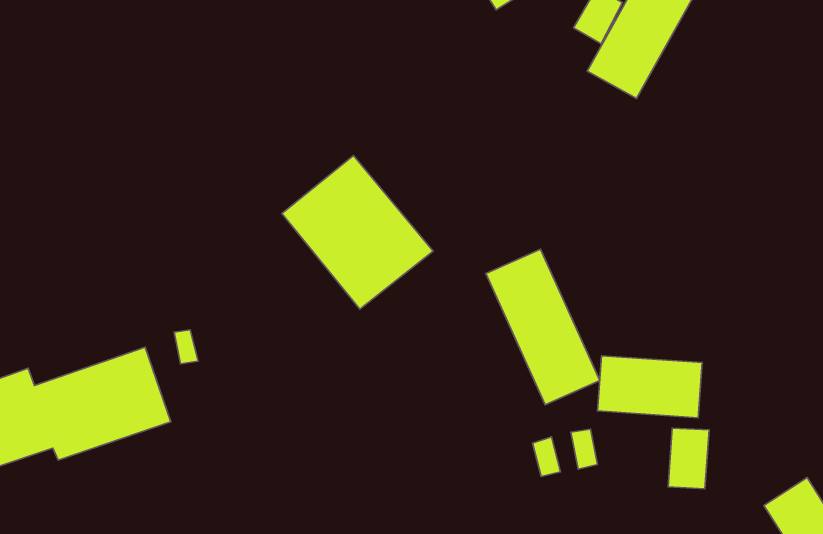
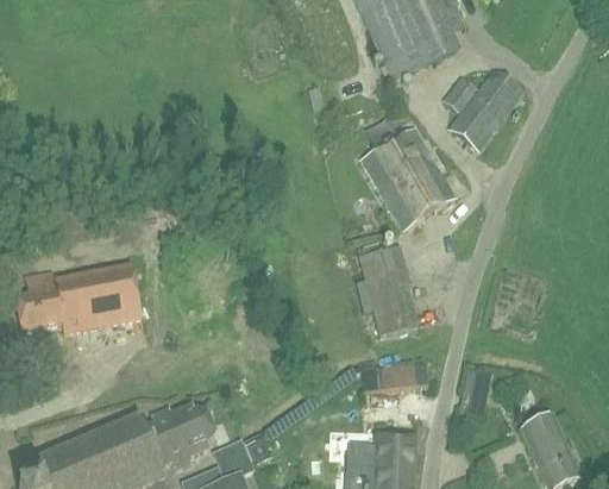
building: [282,156,433,309] -> [360,126,456,227]
building: [598,356,702,418] -> none

